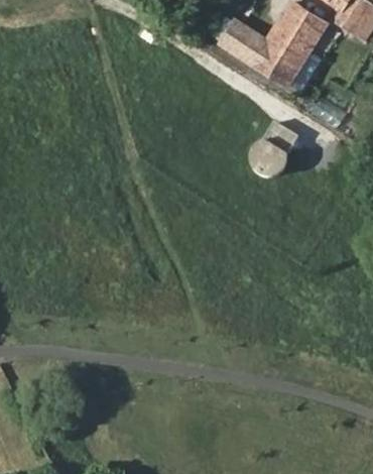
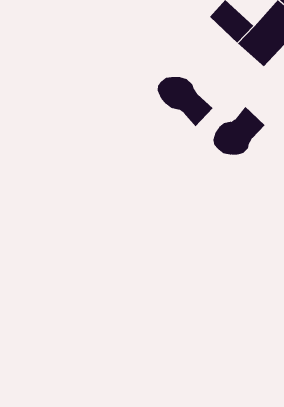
building: none -> [157,76,213,127]

